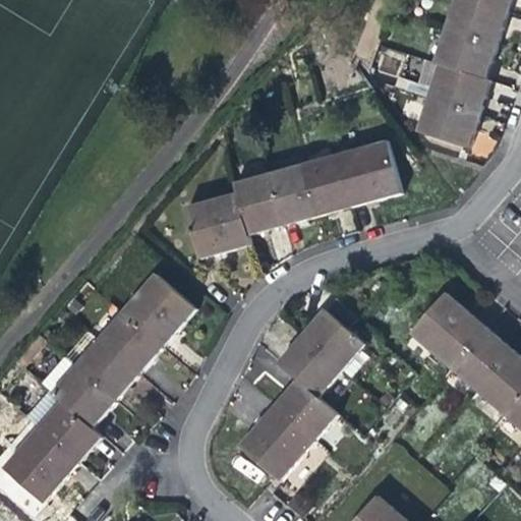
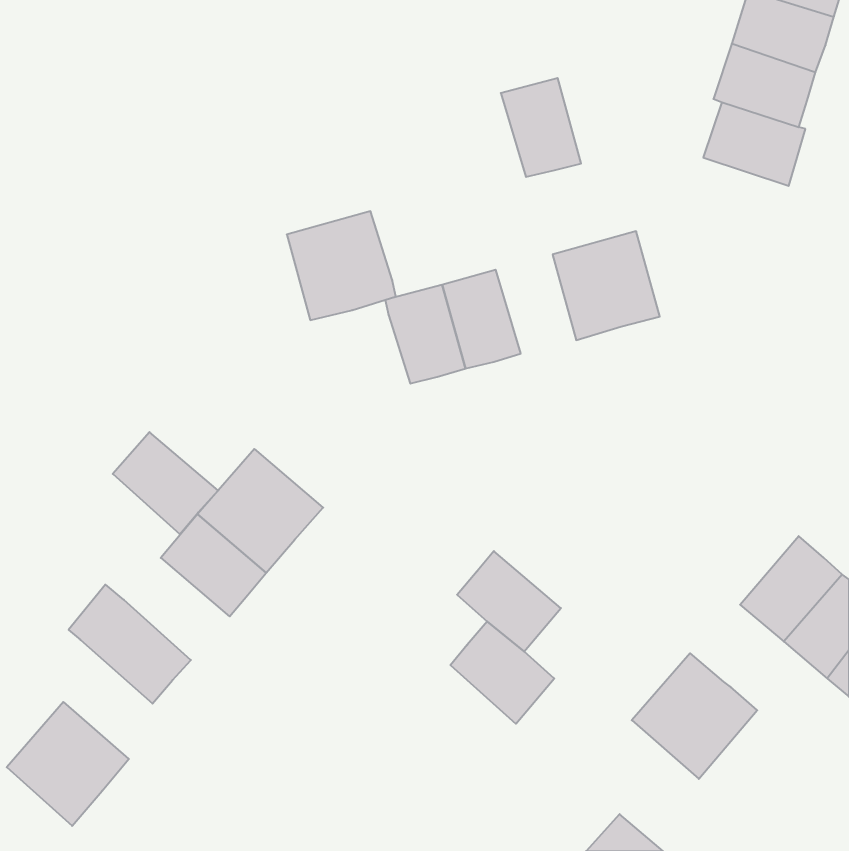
building: [416,96,479,148] -> none
building: [301,155,350,215] -> [501,78,581,177]
building: [185,191,251,257] -> [287,211,396,320]
building: [409,291,485,367] -> [632,653,757,779]
building: [300,299,366,375] -> none
building: [75,339,139,401] -> [113,432,218,534]
building: [25,389,102,461] -> none
building: [239,404,313,479] -> none

